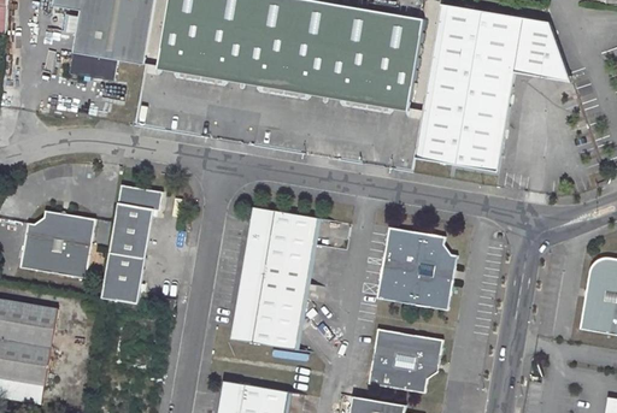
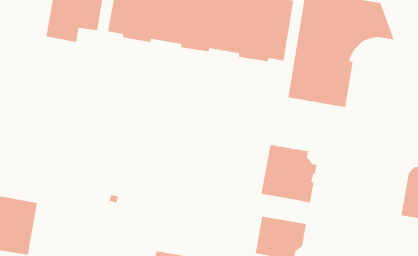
building: [101,183,161,302] -> none
building: [234,203,321,347] -> none
building: [20,210,95,277] -> none

